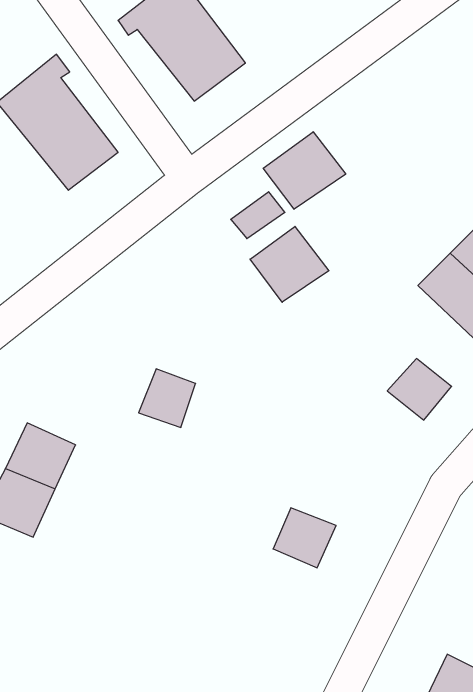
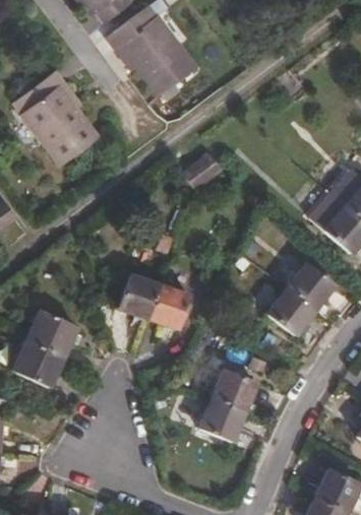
building: [263,132,346,209] -> none
building: [250,226,329,302] -> none
building: none -> [147,286,191,328]
building: none -> [269,292,316,336]
building: none -> [199,401,242,443]

